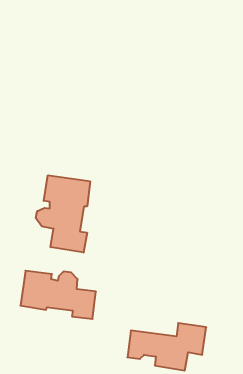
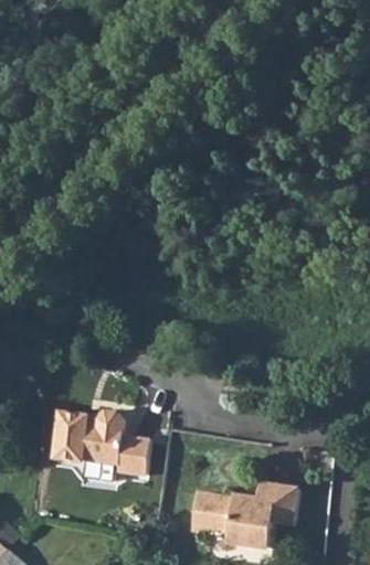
building: [36,175,90,253] -> none

